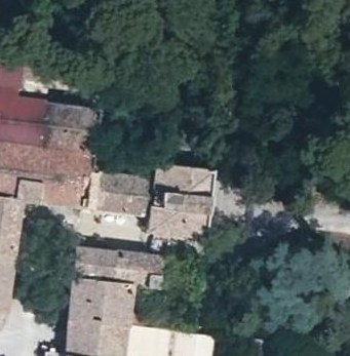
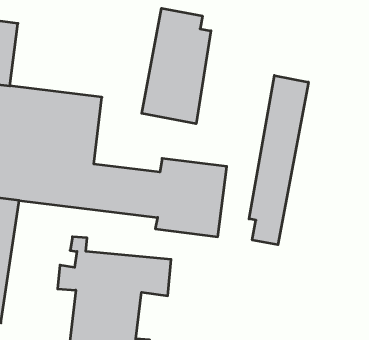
building: none -> [142,8,211,124]
building: none -> [249,75,308,245]

